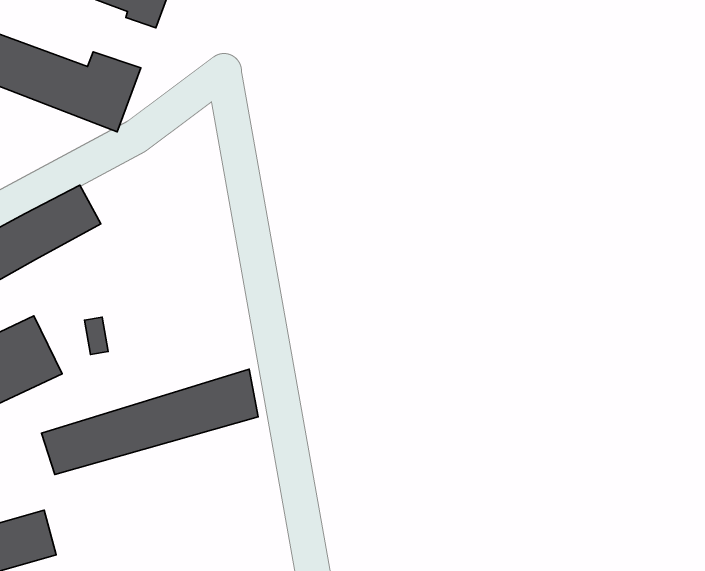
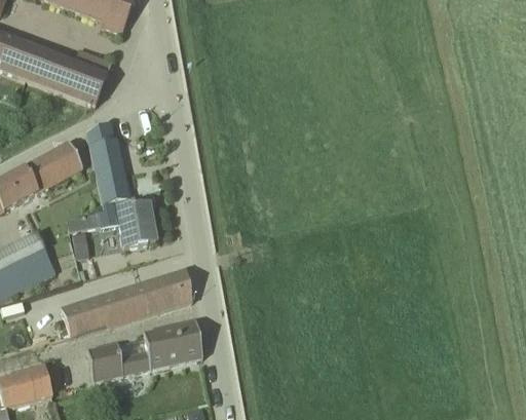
building: none -> [86,121,129,204]
building: none -> [67,204,156,250]
building: none -> [88,321,202,382]

